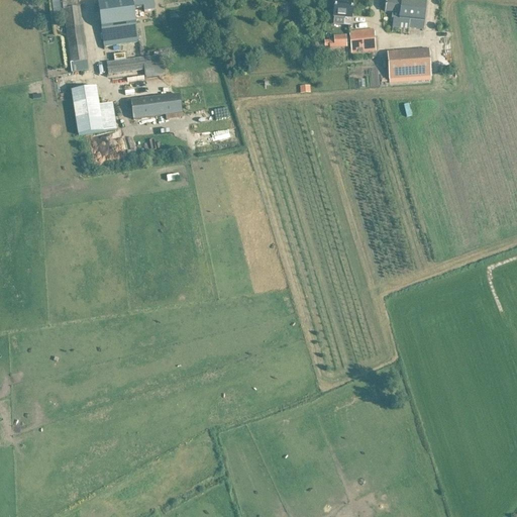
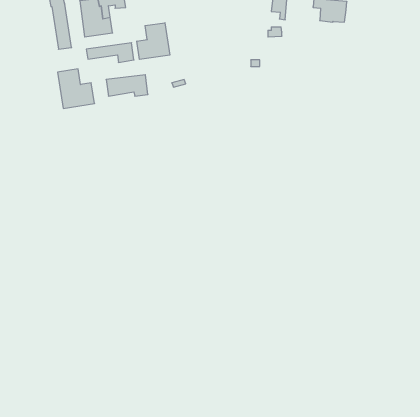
building: none -> [137,23,170,59]
building: [349,29,375,49] -> none
building: [387,47,430,78] -> none

